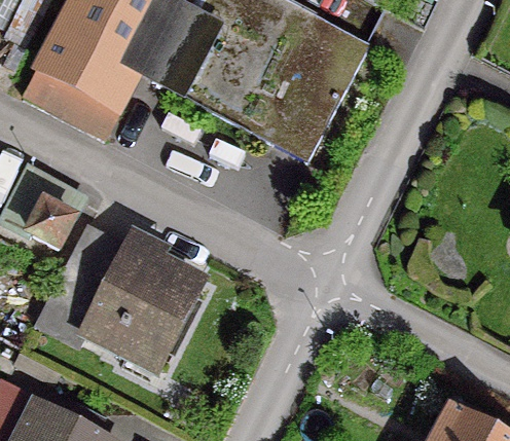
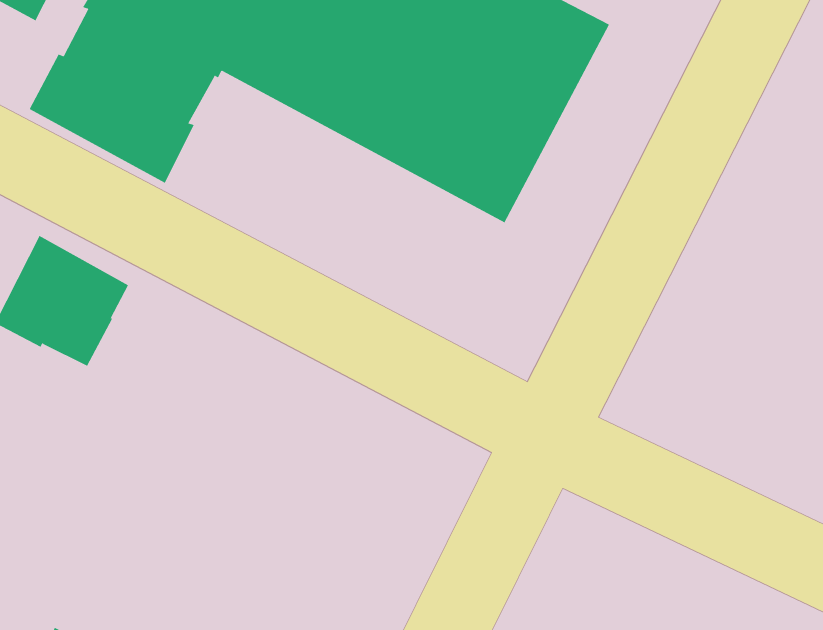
building: [37,227,199,367] -> none

